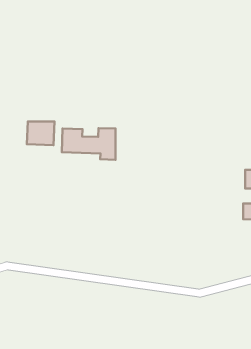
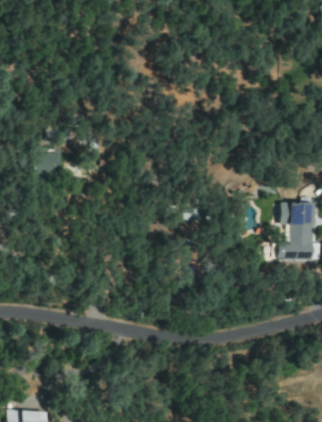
building: [62,128,115,160] -> none

